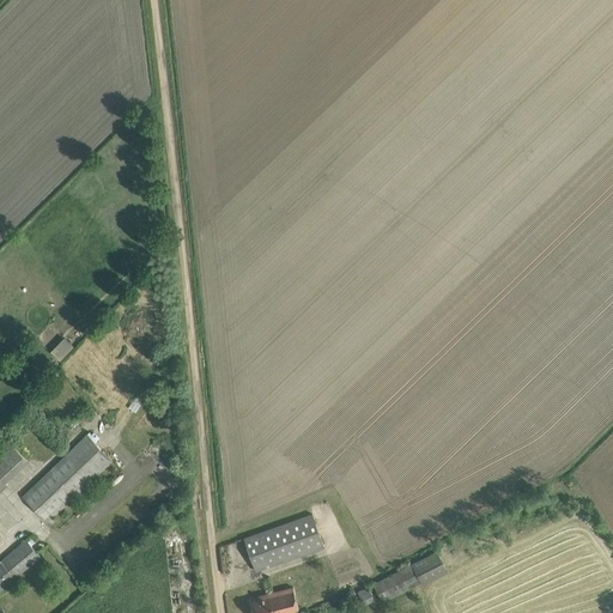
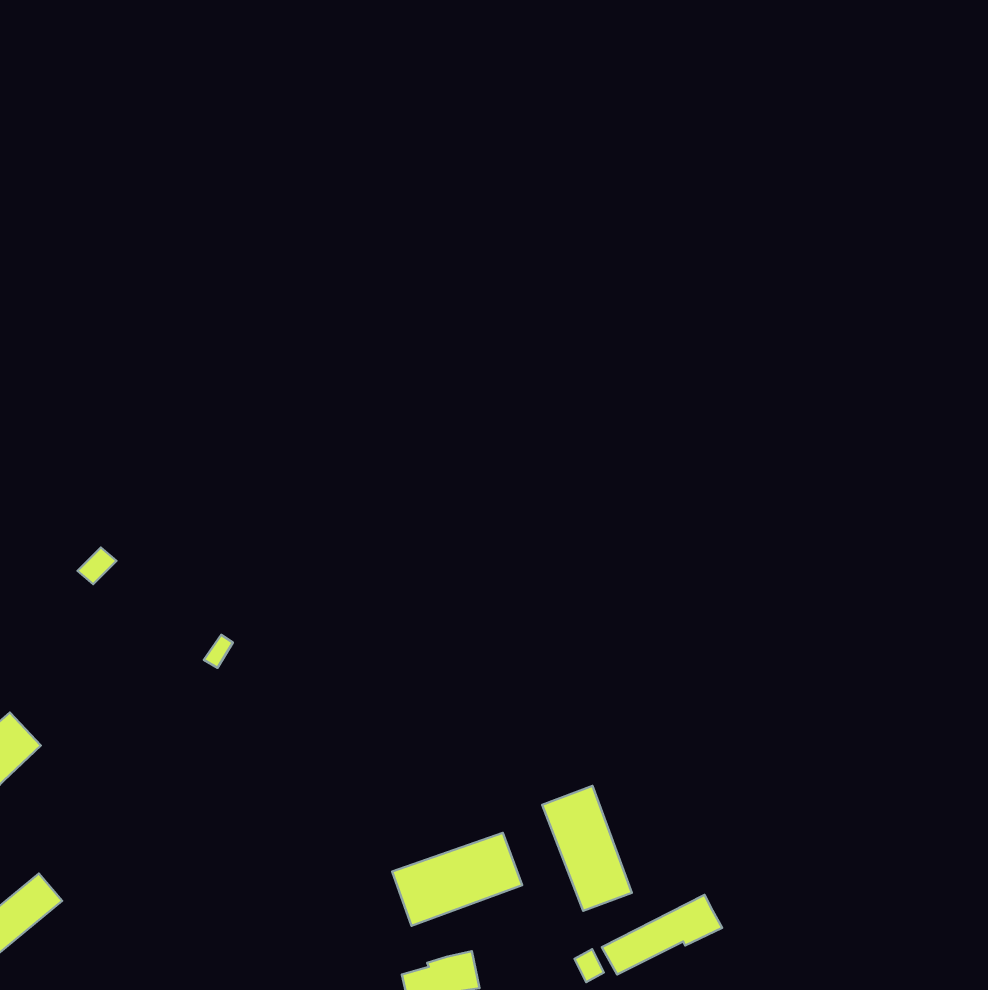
building: [20,436,110,523] -> none
building: none -> [542,786,632,911]

